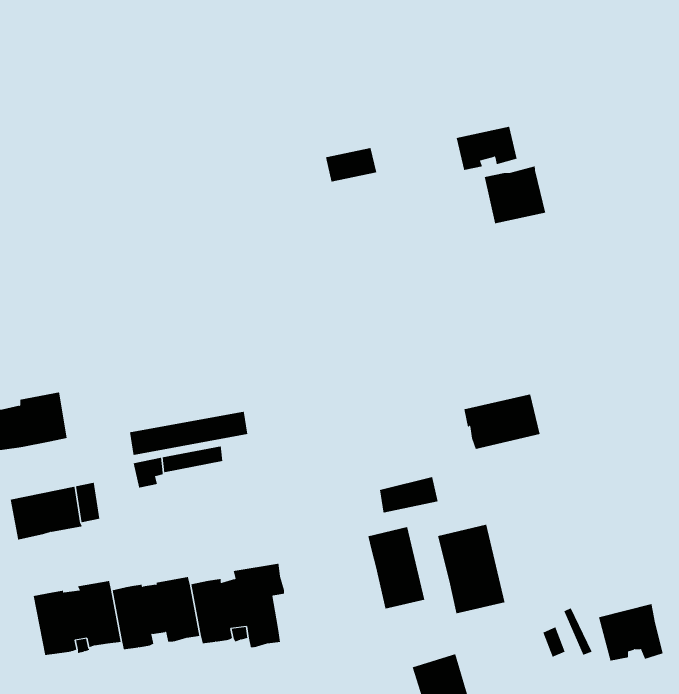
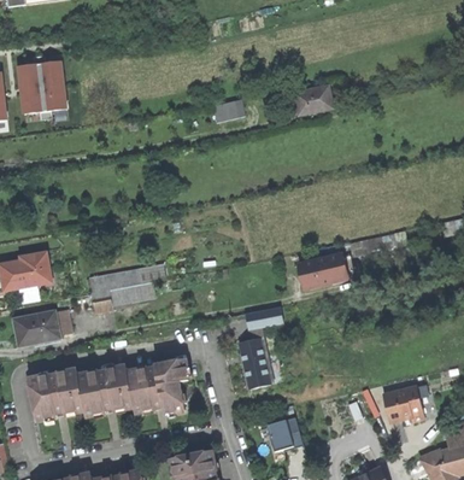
building: none -> [18,60,66,112]
building: [484,166,546,224] -> none
building: [438,524,505,614] -> none

